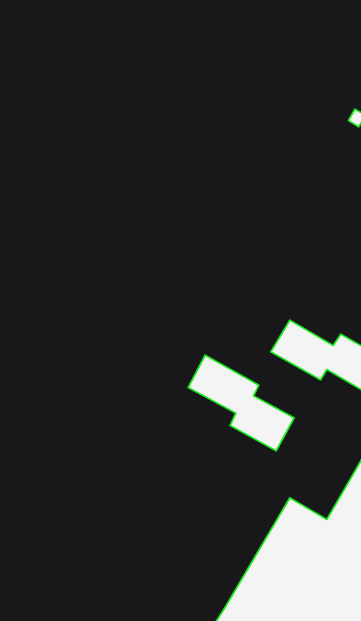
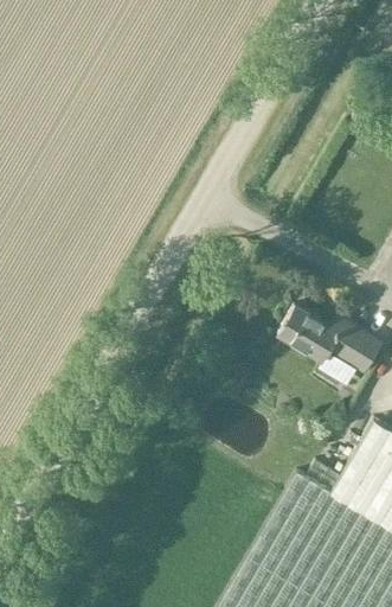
building: [188,355,294,451] -> none

